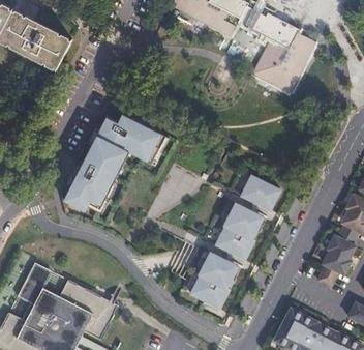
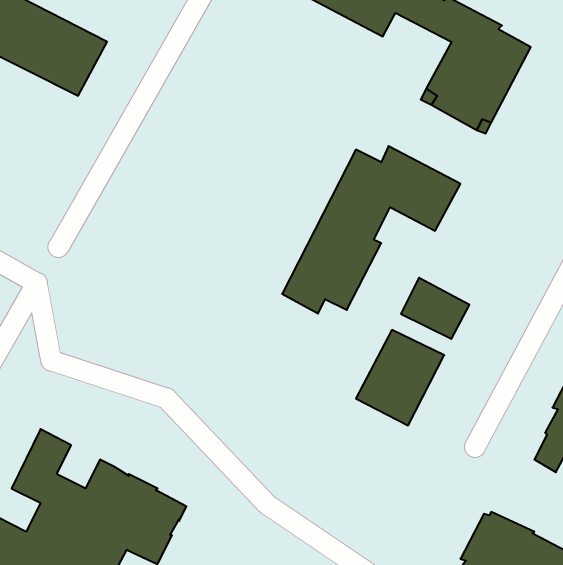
building: [62,114,164,210] -> [282,146,460,314]
building: [189,253,239,308] -> none

